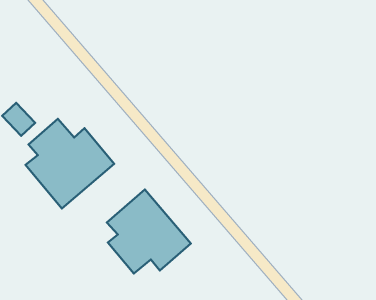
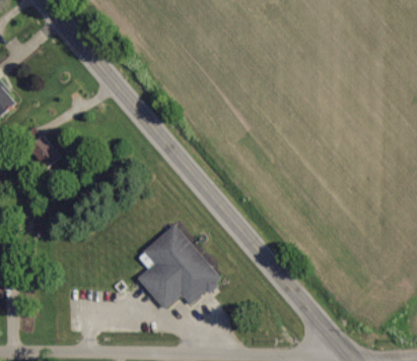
building: [26,119,114,208] -> none

